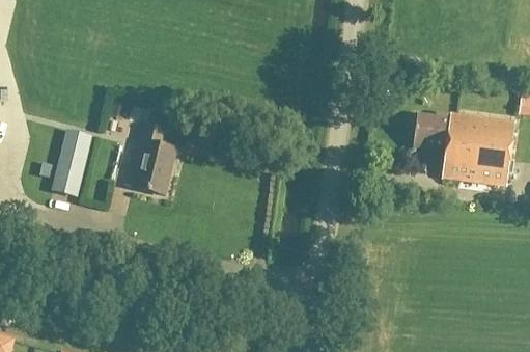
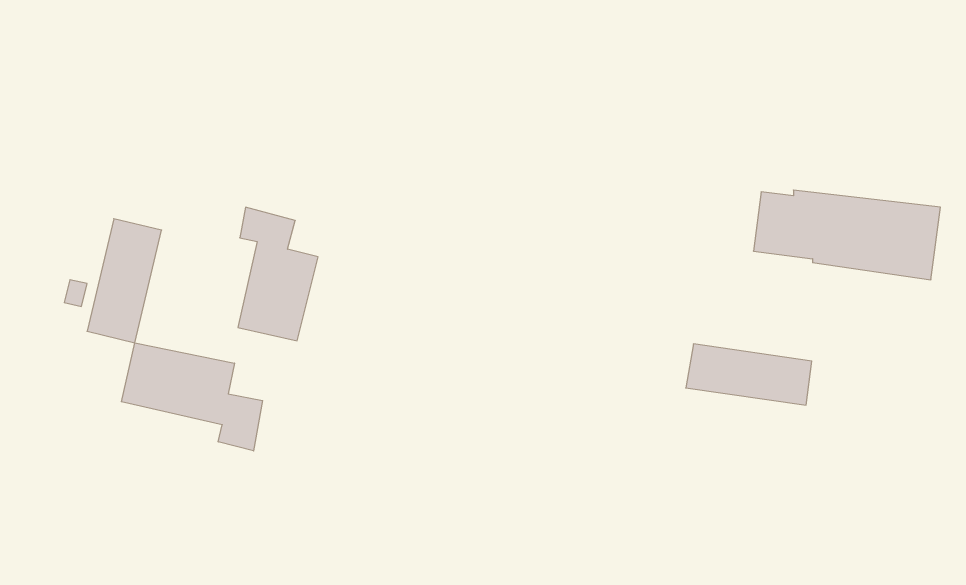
building: [441,152,509,185] -> [686,344,812,405]
building: none -> [121,343,263,451]

